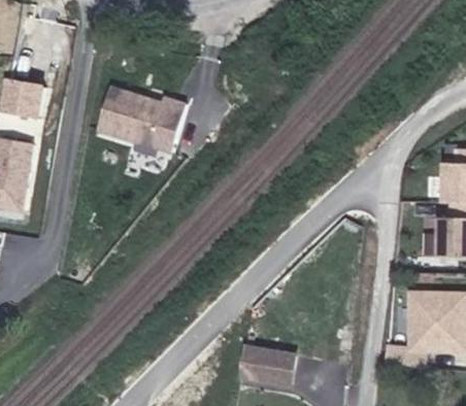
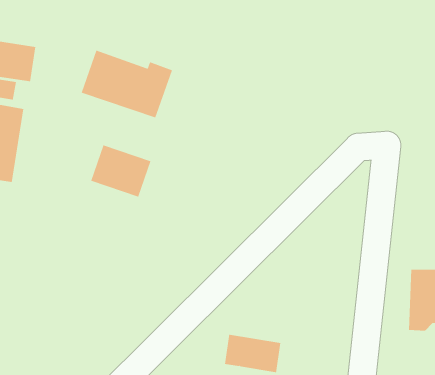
building: none -> [91,144,151,198]

